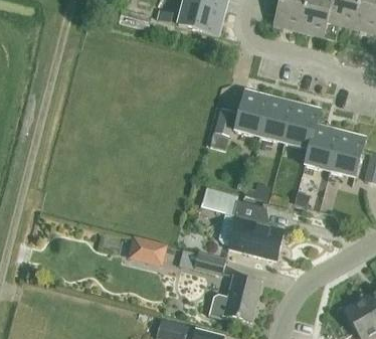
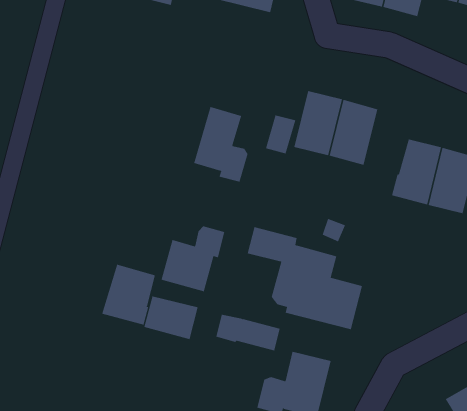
building: none -> [193,106,248,183]
building: [285,103,320,149] -> none
building: none -> [161,225,225,292]
building: none -> [102,264,155,326]

